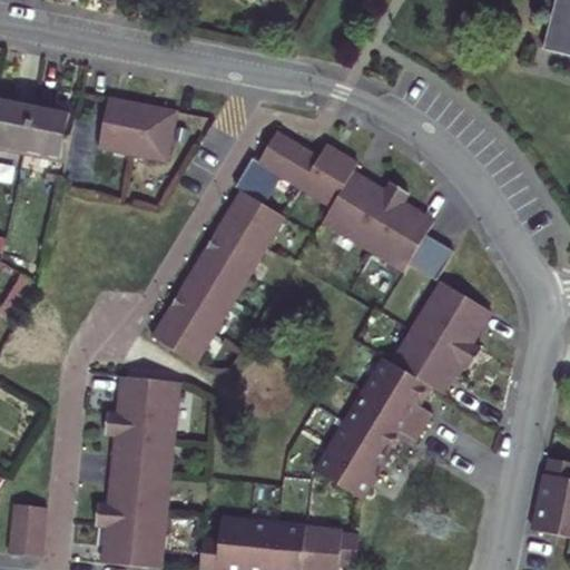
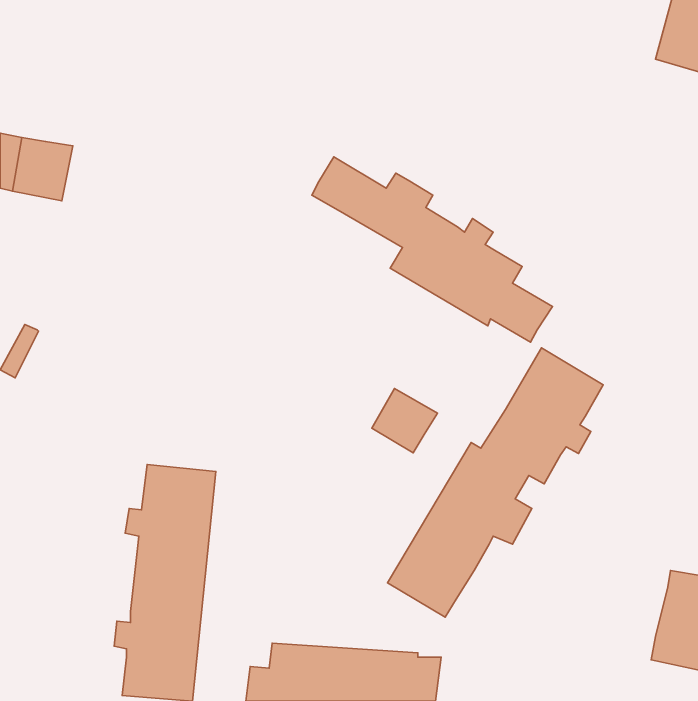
building: [82,104,159,164] -> none
building: [151,154,283,360] -> none
building: none -> [372,389,438,453]
building: [12,505,50,558] -> none

